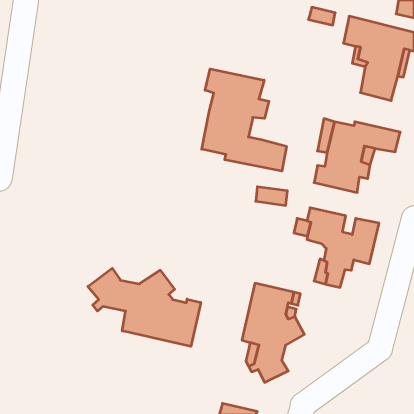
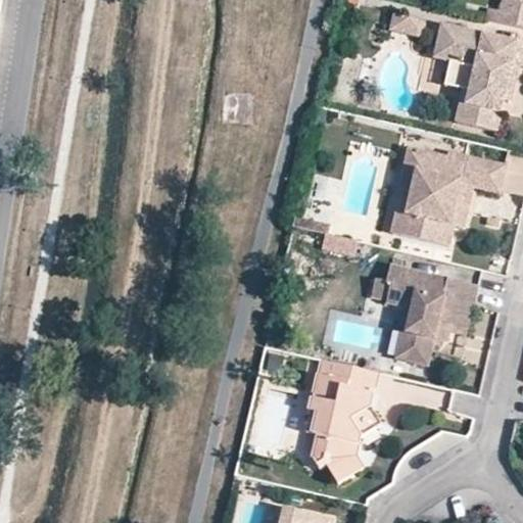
building: [202,69,286,171] -> none
building: [88,268,201,346] -> none

